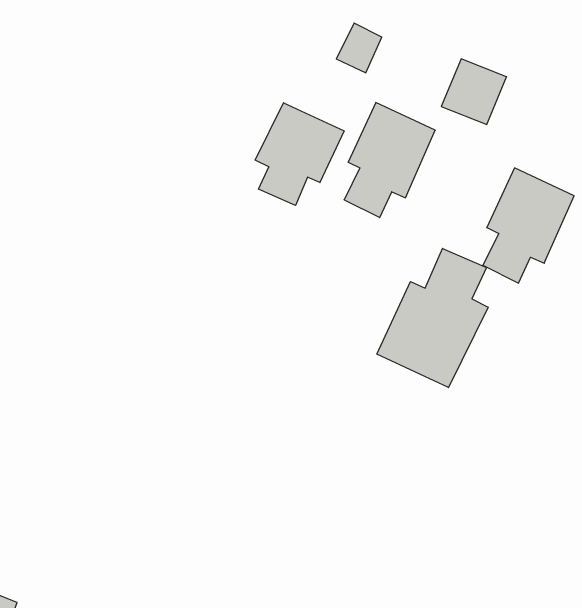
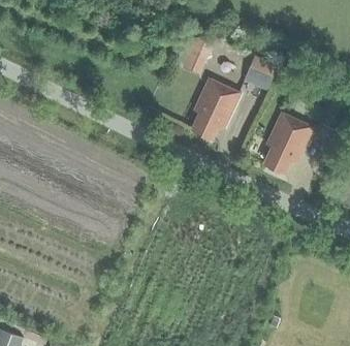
building: [255,103,344,205] -> none
building: [377,248,488,388] -> none

